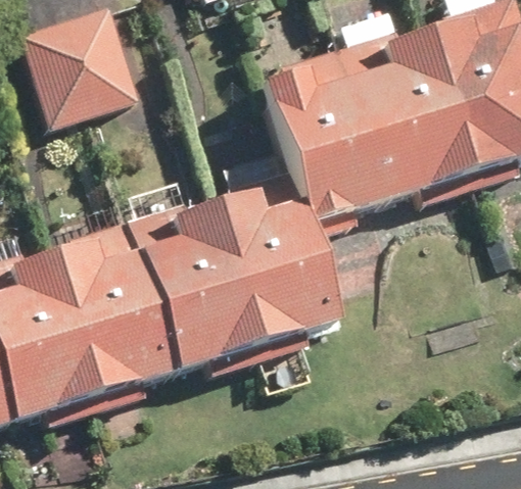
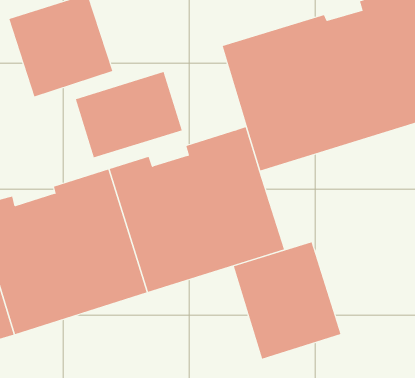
building: none -> [75,71,182,158]
building: none -> [233,242,341,359]

